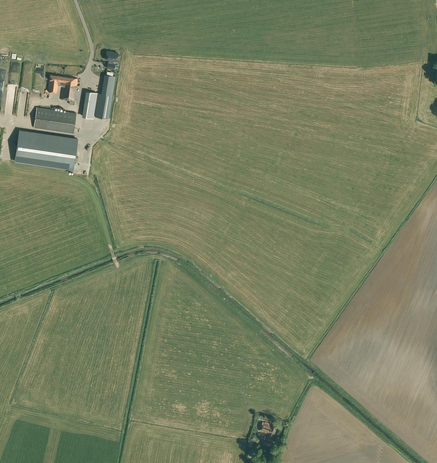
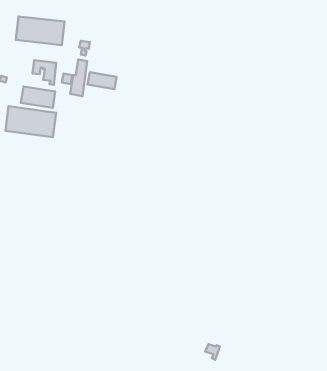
building: none -> [16,16,65,45]
building: none -> [88,72,117,89]

